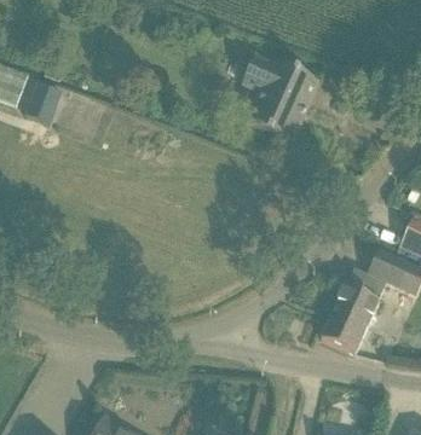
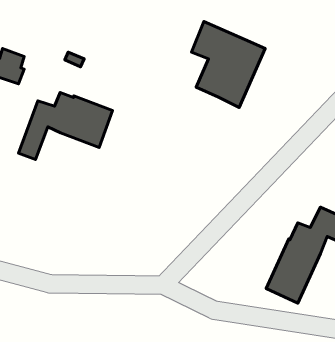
building: none -> [18,93,113,159]

